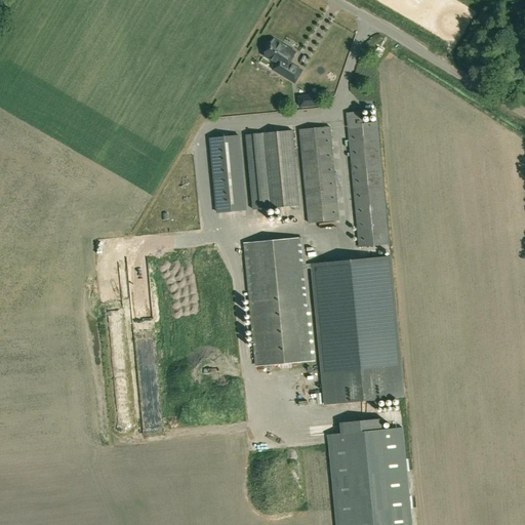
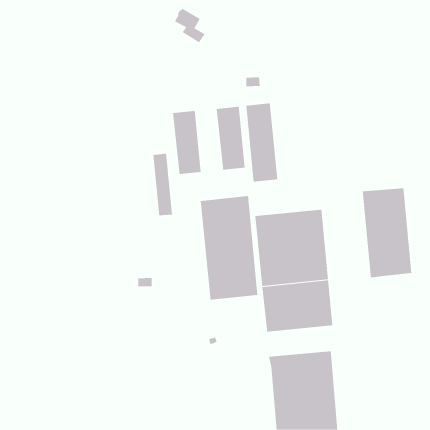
building: [262,38,300,81] -> [174,8,205,43]
building: [346,111,388,246] -> none
building: [245,132,270,208] -> [152,153,173,216]
building: none -> [362,188,412,278]

